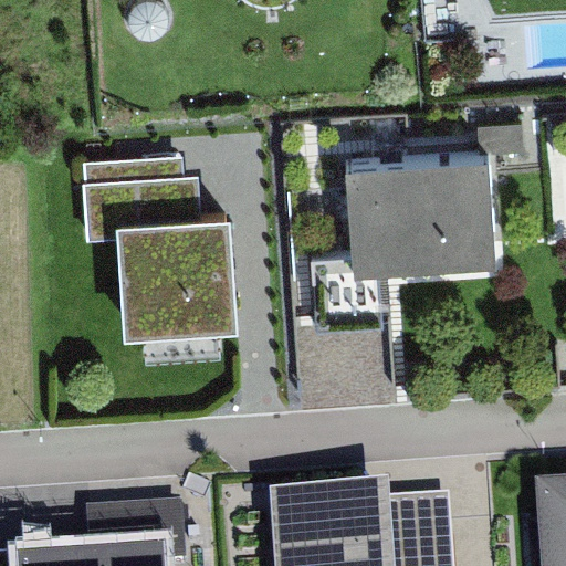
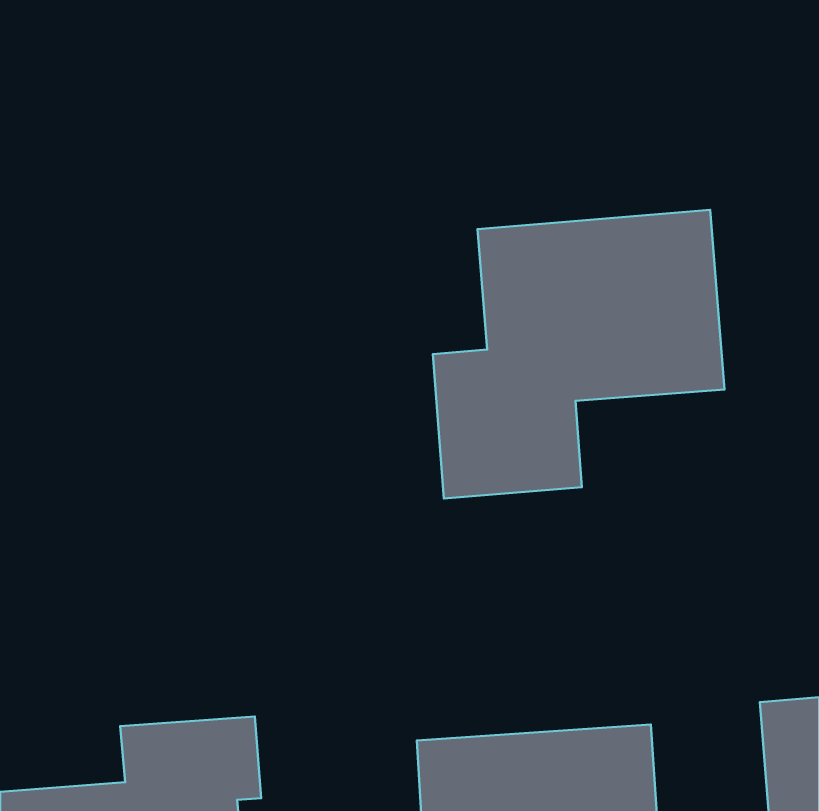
building: [88,150,227,321] -> none

